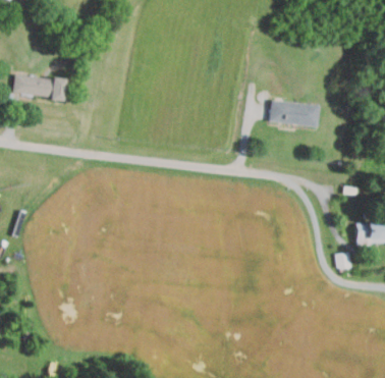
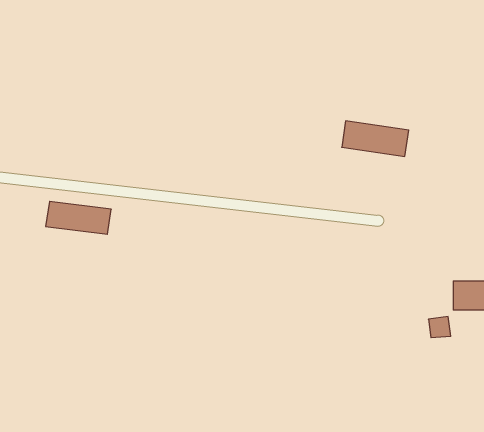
building: [13,74,64,100] -> [46,201,111,234]

